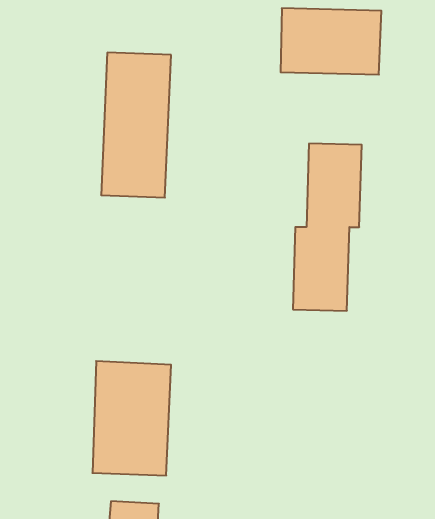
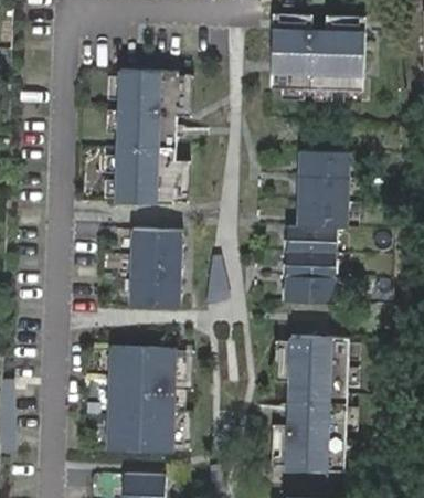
building: none -> [130,230,181,304]
building: none -> [272,335,360,473]

